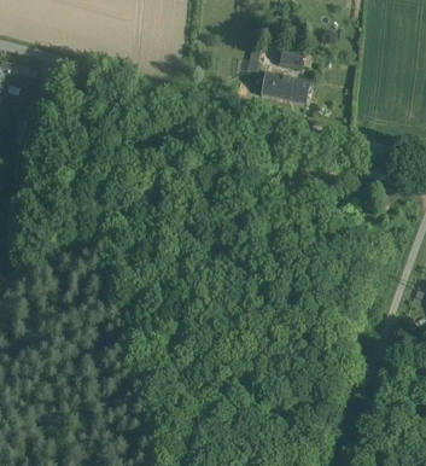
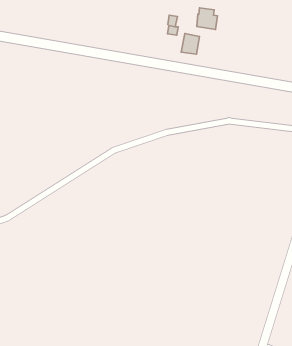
building: [278,75,309,101] -> none

